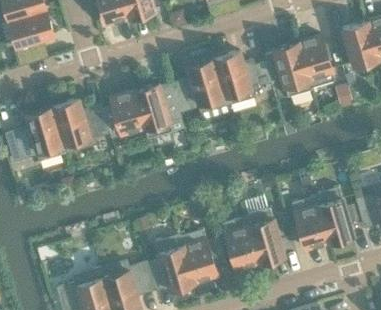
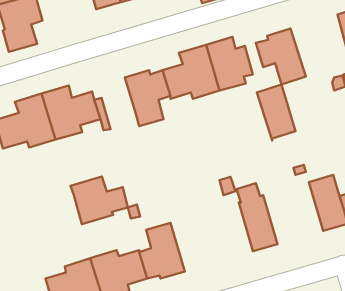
building: [297,35,335,90] -> [257,84,296,140]
building: [110,91,145,134] -> none
building: none -> [71,176,128,224]
building: [292,194,329,249] -> none
building: [223,214,260,270] -> none
building: [179,229,217,282] -> none

